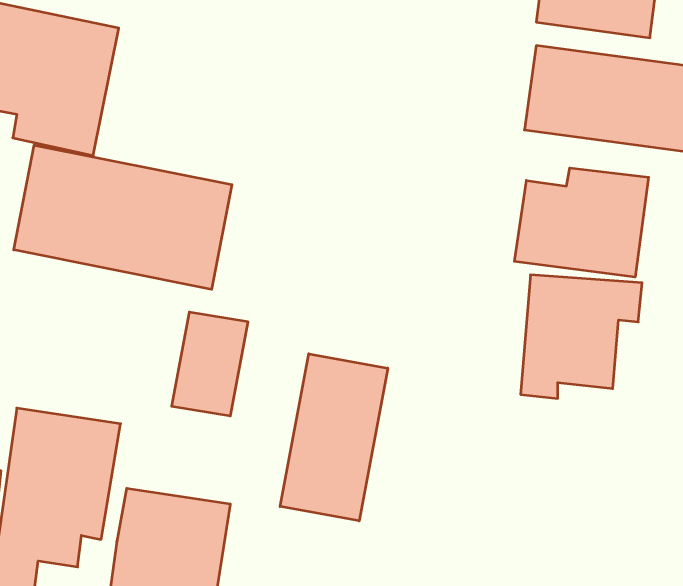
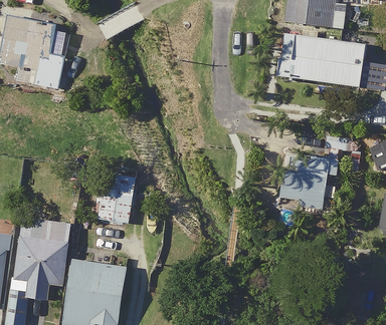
building: [14,145,232,289] -> none
building: [514,168,649,277] -> none
building: [280,354,388,521] -> none

